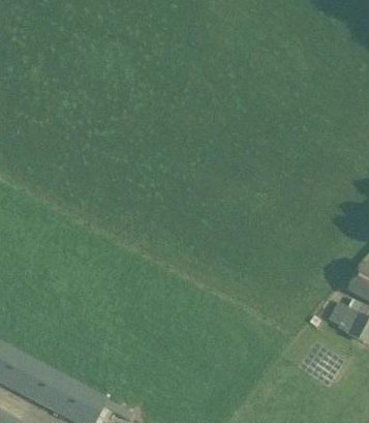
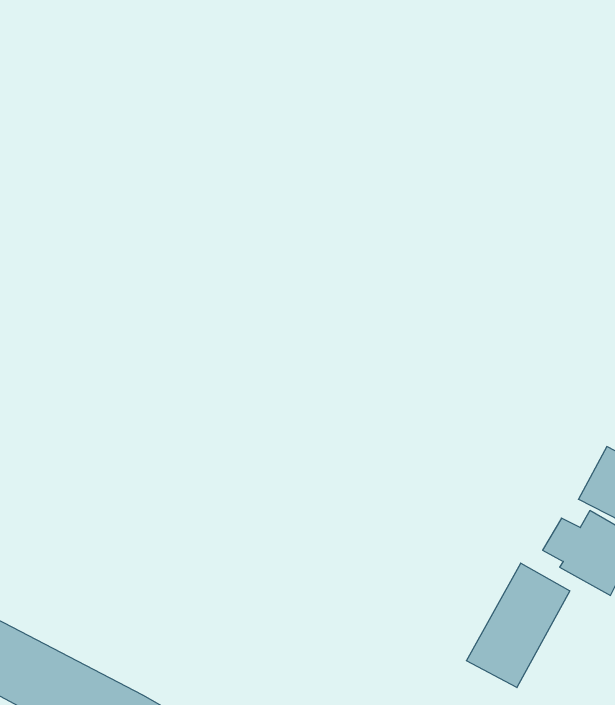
building: none -> [466,563,570,688]

